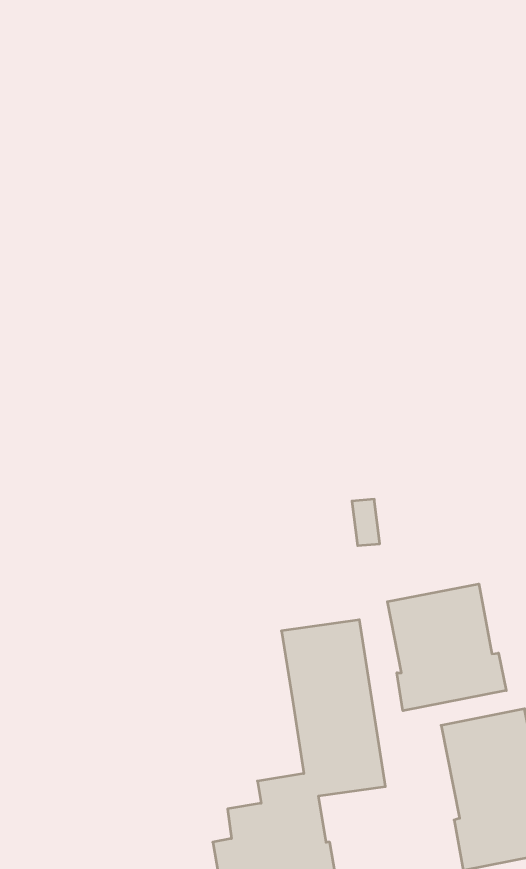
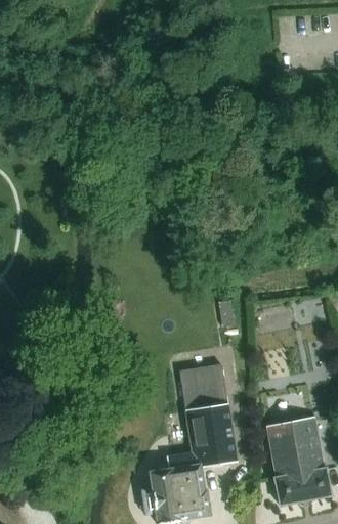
building: [387,584,506,711] -> none

